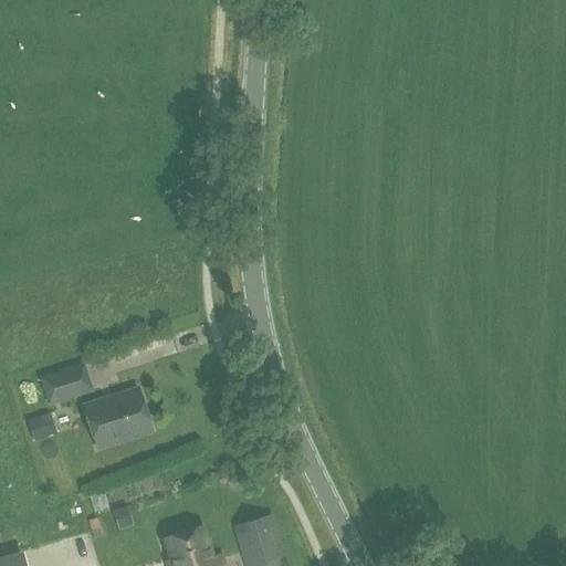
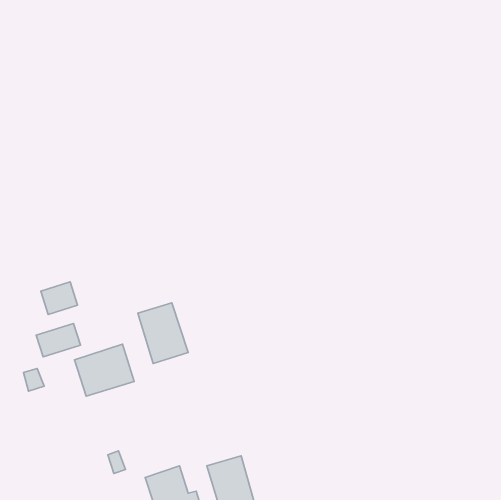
building: none -> [41,282,77,314]
building: none -> [138,303,188,363]

